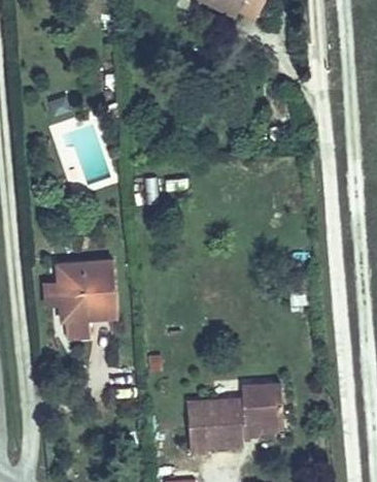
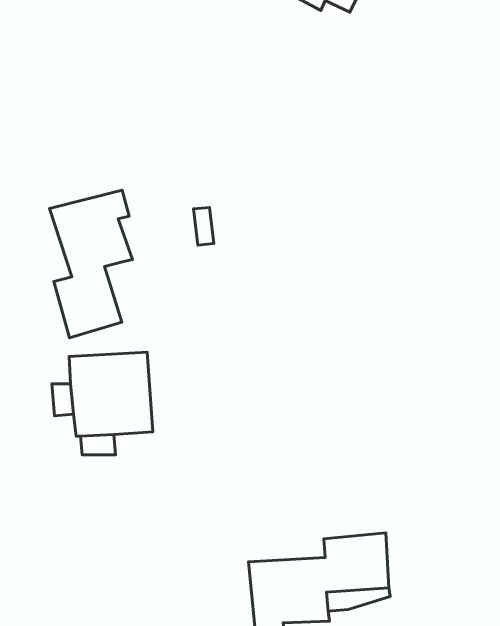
building: none -> [50,190,132,338]

